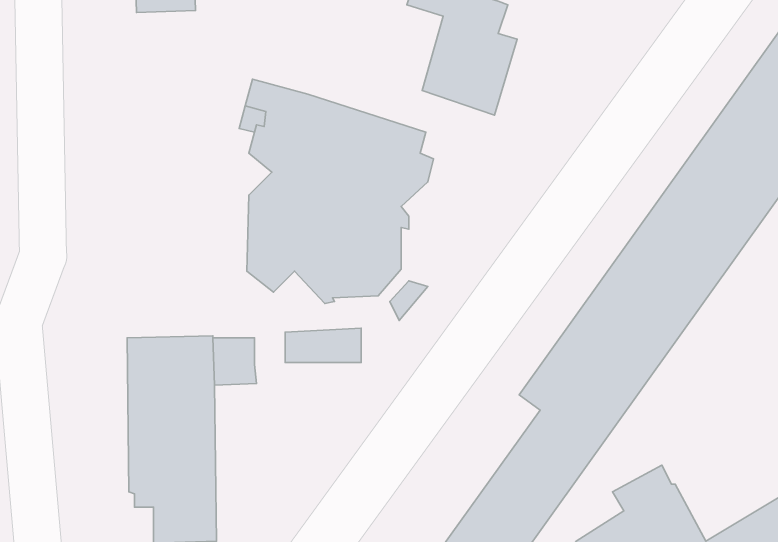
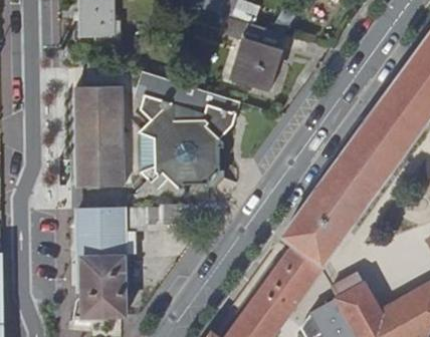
building: none -> [74,86,123,185]

